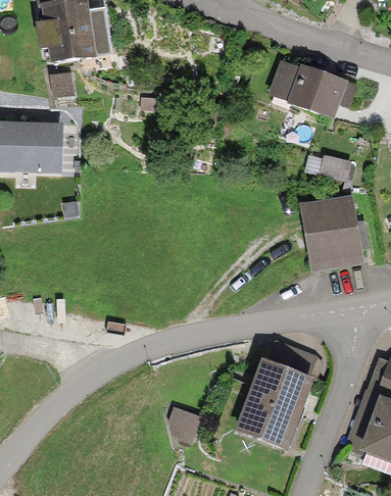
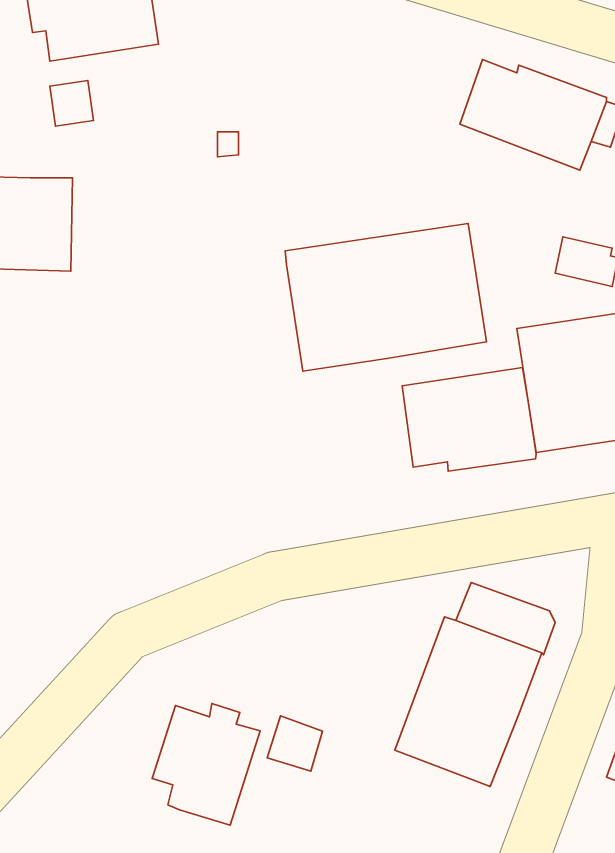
building: none -> [285,223,487,371]
building: none -> [402,367,536,471]
building: none -> [152,703,260,825]

